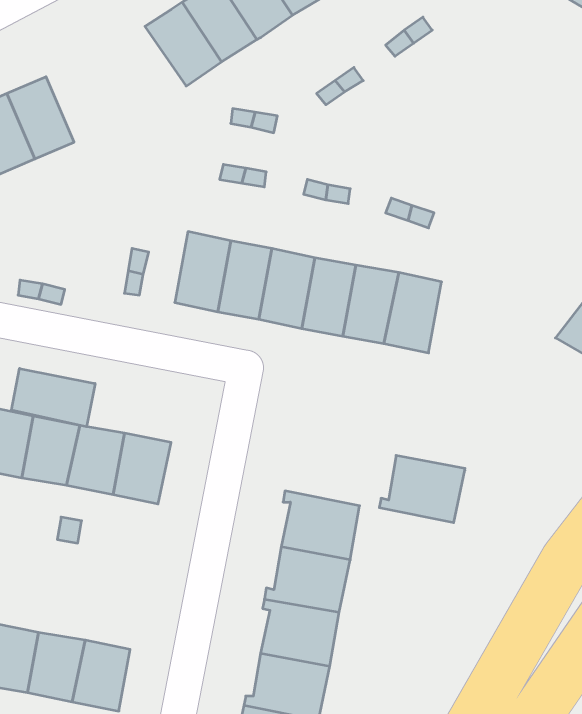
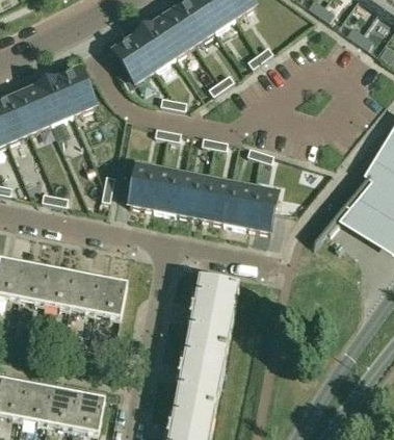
building: none -> [57,67,95,113]
building: [12,368,95,427] -> none
building: [379,455,465,523] -> [190,279,238,316]

